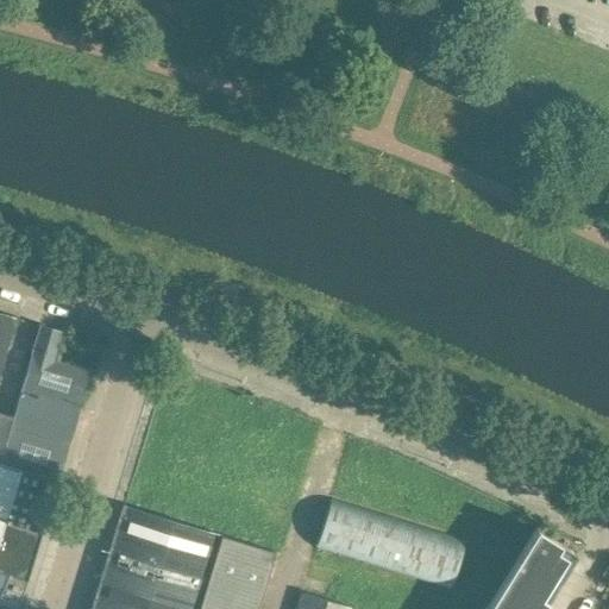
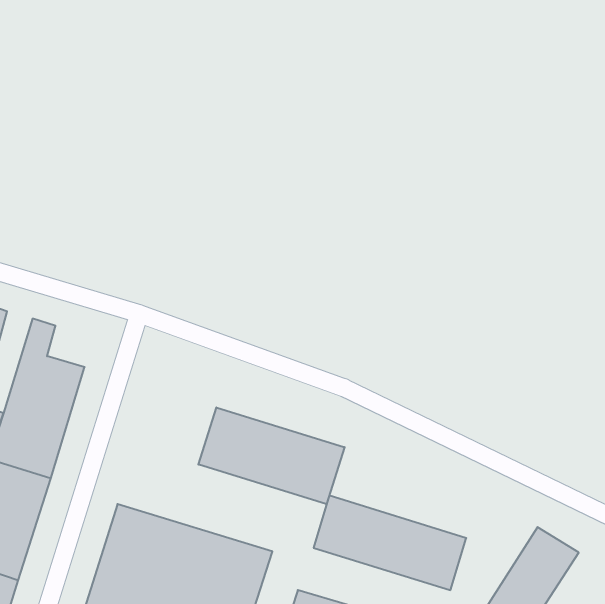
building: none -> [198,407,345,504]

